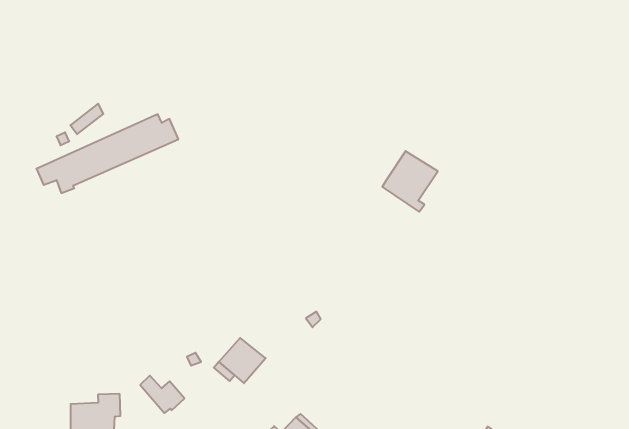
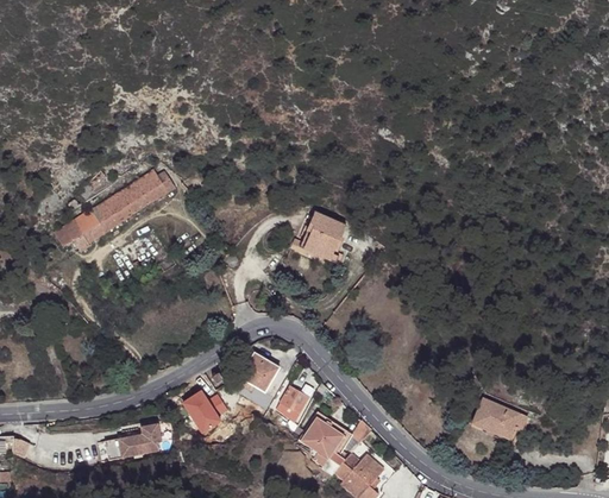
building: [382,151,438,212] -> [300,212,346,263]
building: none -> [277,386,309,422]

